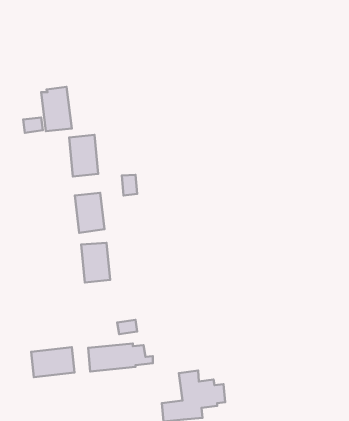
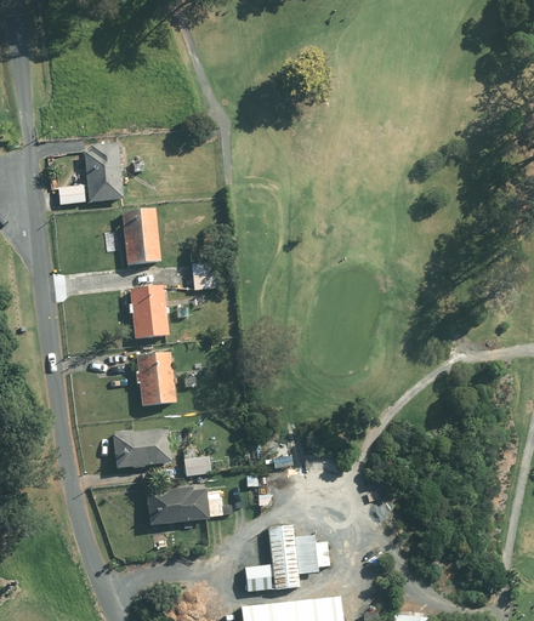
building: [31,347,75,377] -> [113,428,171,468]

